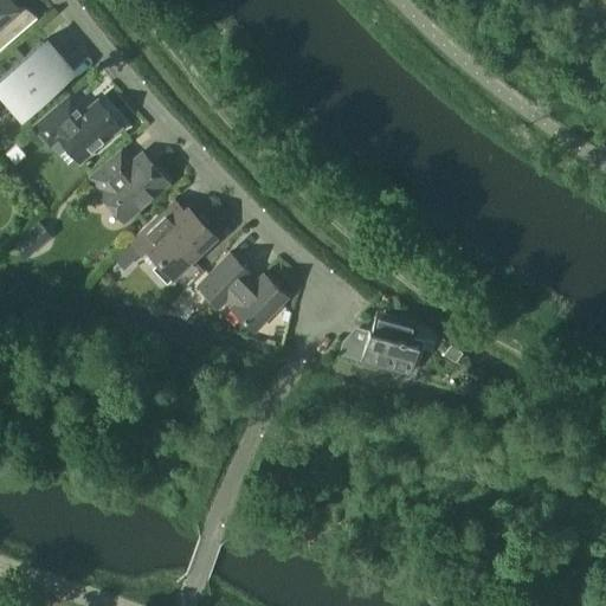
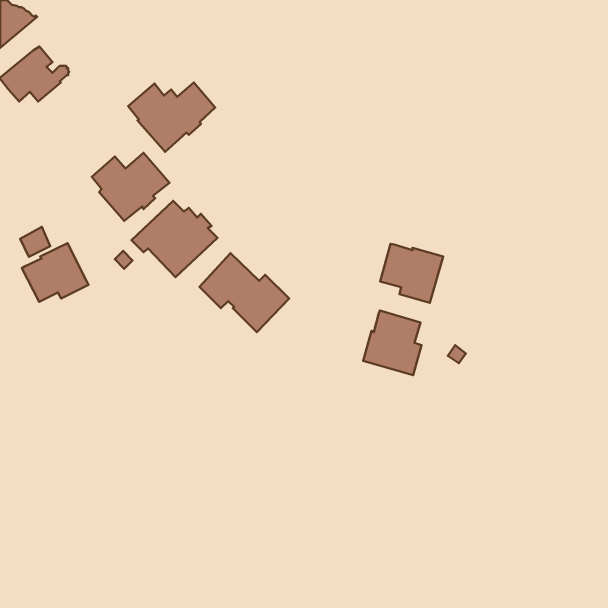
building: [34,102,121,170] -> [128,82,215,152]
building: none -> [22,243,88,302]
building: none -> [380,244,443,303]

